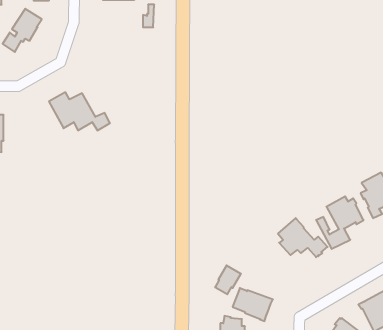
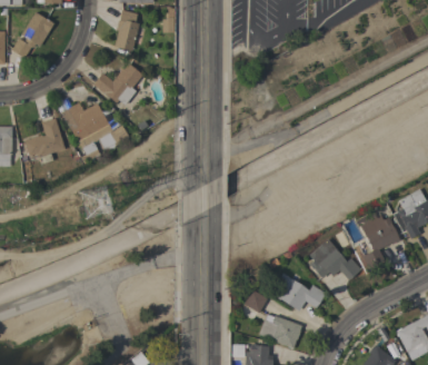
building: none -> [115,10,139,50]
building: none -> [92,63,142,105]
building: none -> [24,118,66,158]
building: none -> [270,274,327,312]

